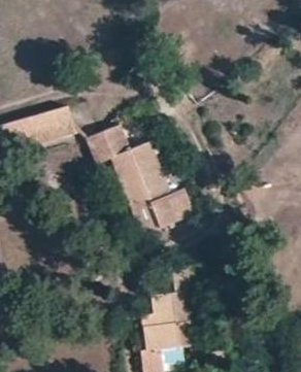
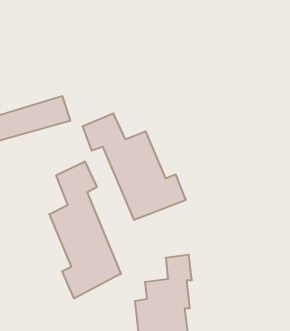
building: none -> [49,161,121,299]

